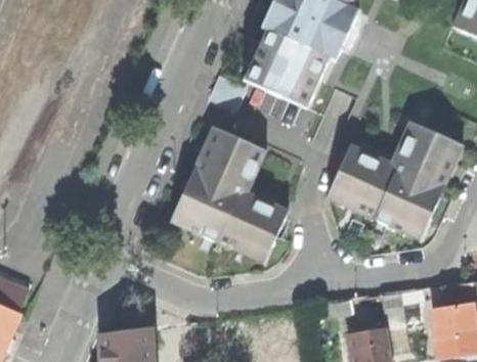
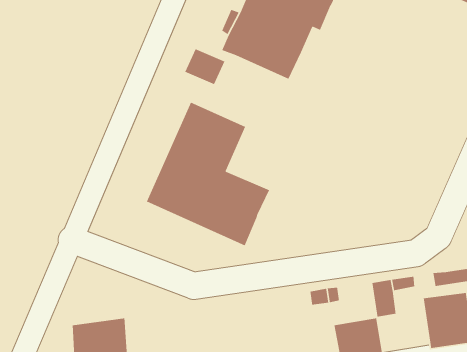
building: [327,122,462,238] -> none

